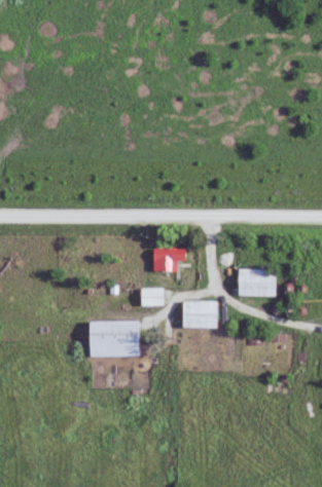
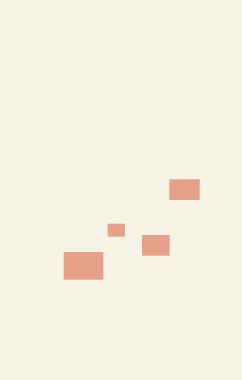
building: [153,249,185,271] -> none
building: [238,269,276,296] -> [169,178,200,201]

